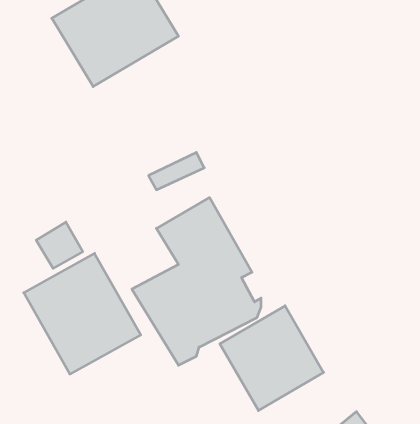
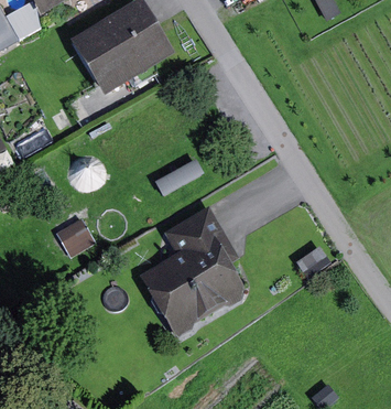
building: [24,253,141,374] -> none
building: [220,306,324,411] -> none

